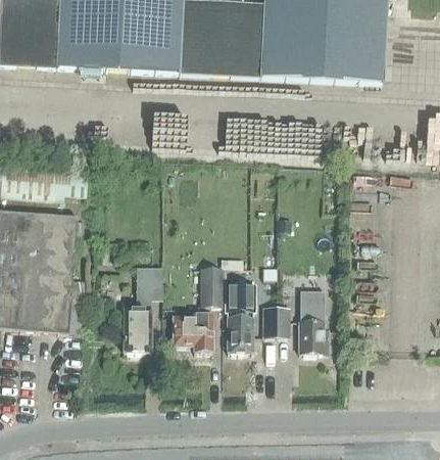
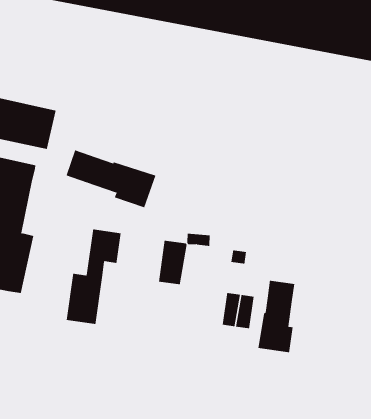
building: none -> [66,149,156,208]
building: [225,284,253,353] -> none
building: [173,314,212,353] -> none

